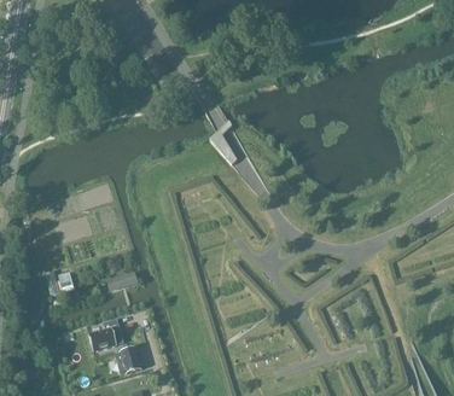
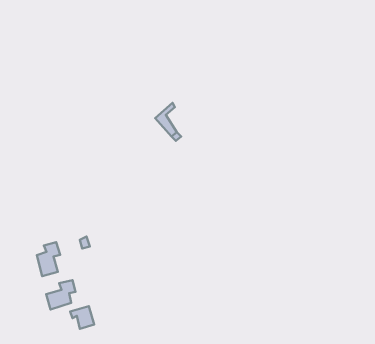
building: none -> [37,242,60,276]

